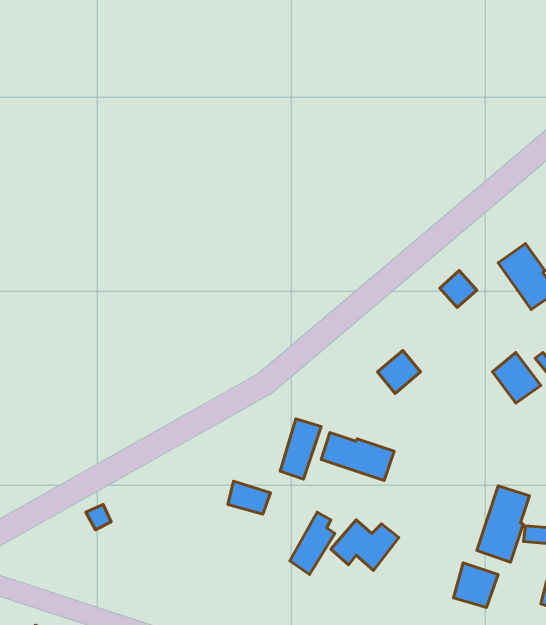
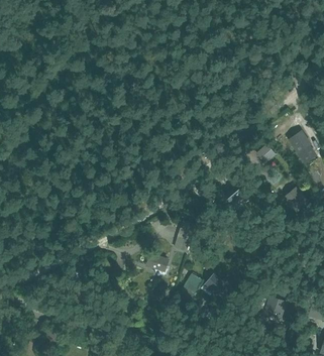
building: [321,432,394,481] -> none
building: [477,486,529,562] -> none

